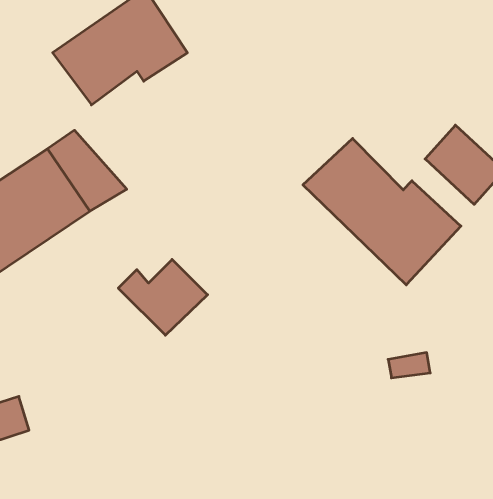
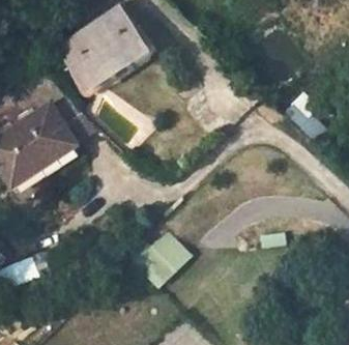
building: [303,138,461,285] -> none
building: [118,259,208,335] -> [134,234,188,281]

